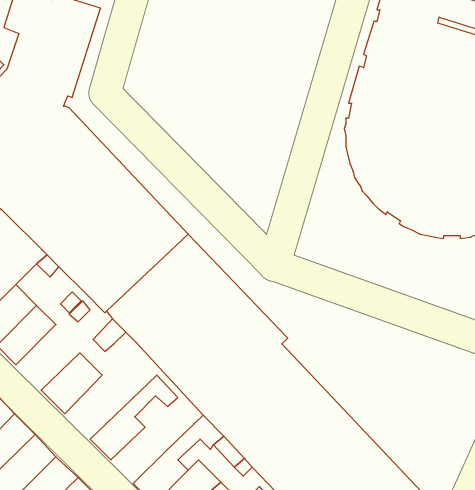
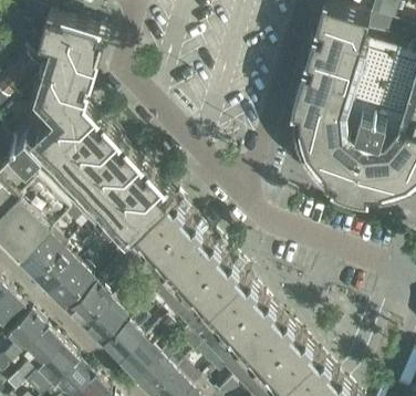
building: none -> [49,261,94,306]
building: none -> [85,288,150,343]
building: none -> [119,315,177,379]

